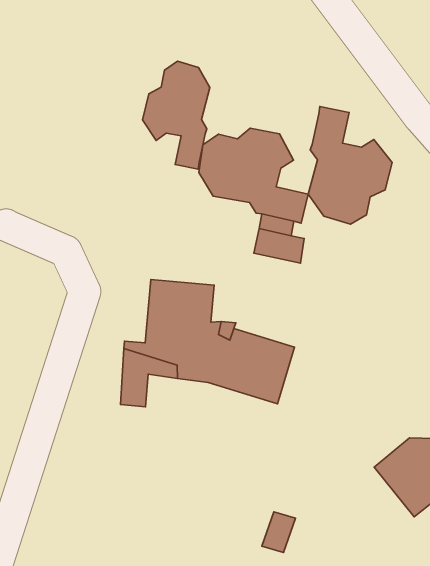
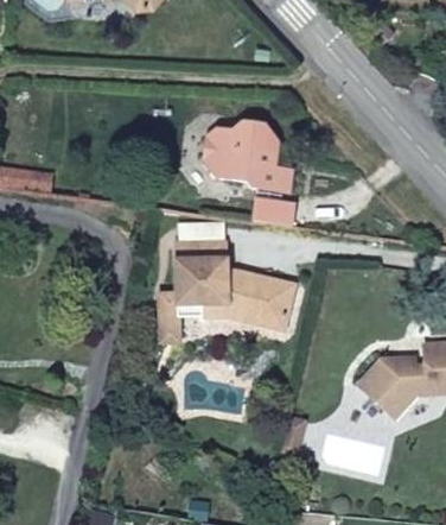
building: [143,61,210,169] -> none
building: [308,107,392,224] -> none

